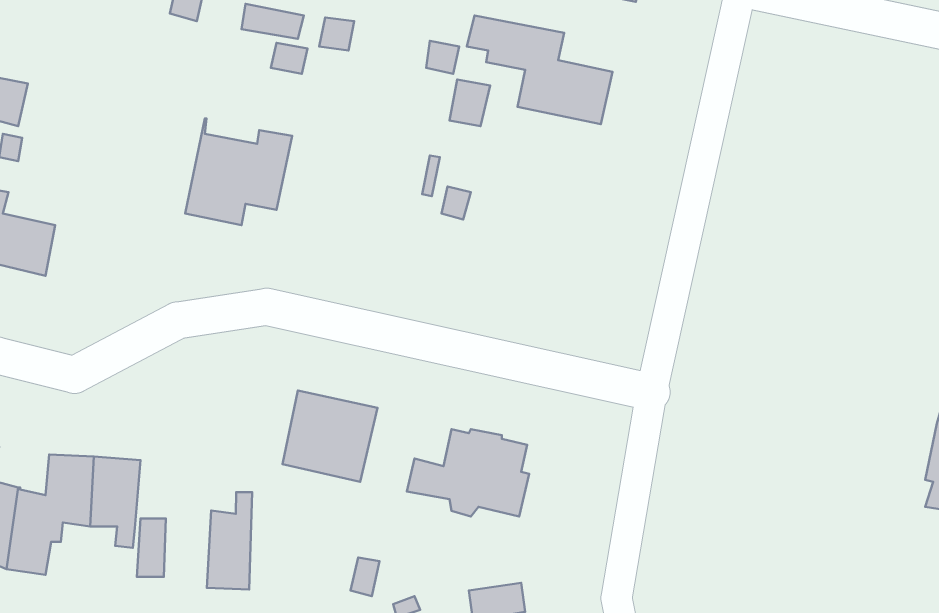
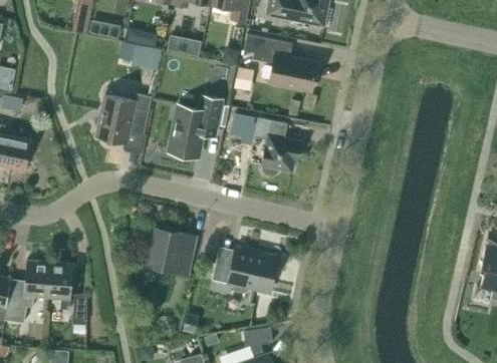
building: none -> [168,95,222,159]
building: none -> [254,117,301,175]
building: [207,492,252,589] -> none

